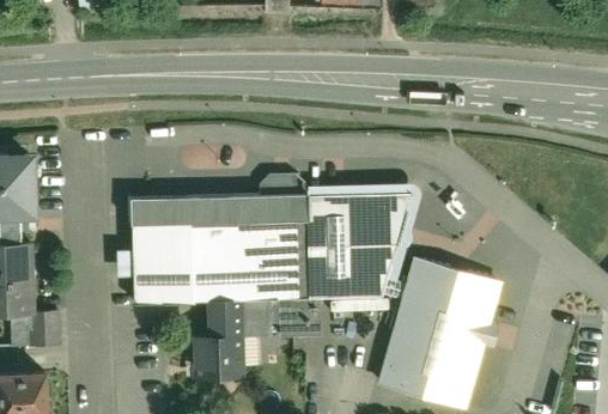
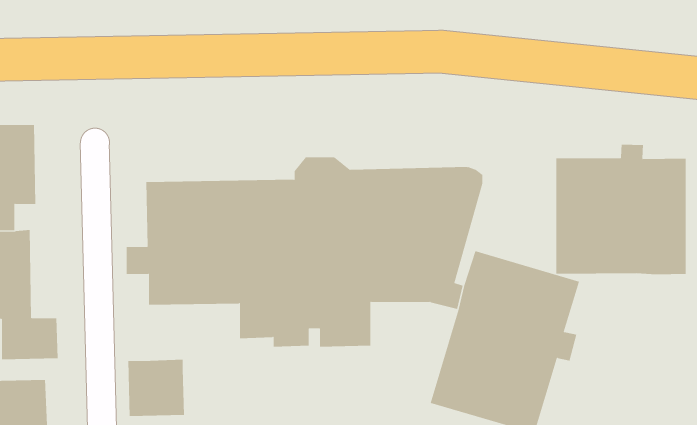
building: none -> [556,144,686,275]
building: [193,330,242,379] -> [127,359,185,416]

